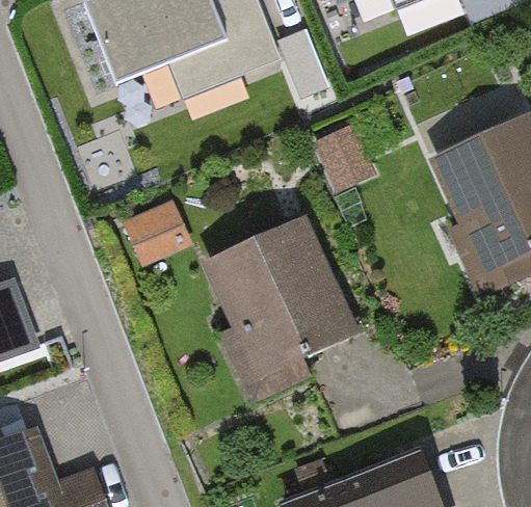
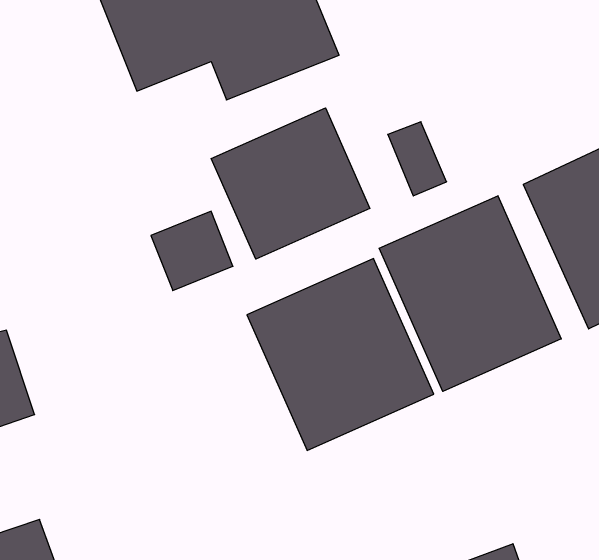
building: none -> [211,108,370,259]
building: none -> [379,196,561,391]

